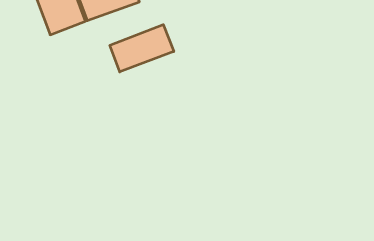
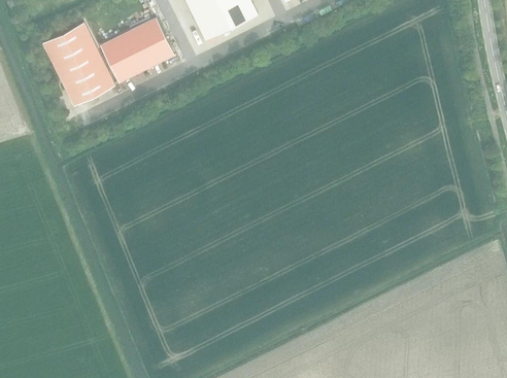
building: [110,25,174,72] -> none

